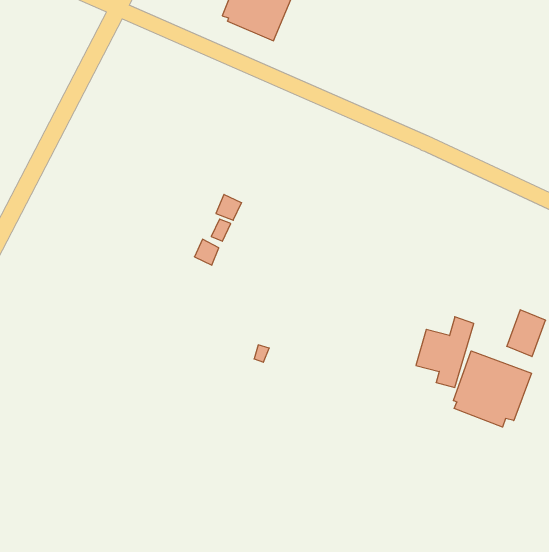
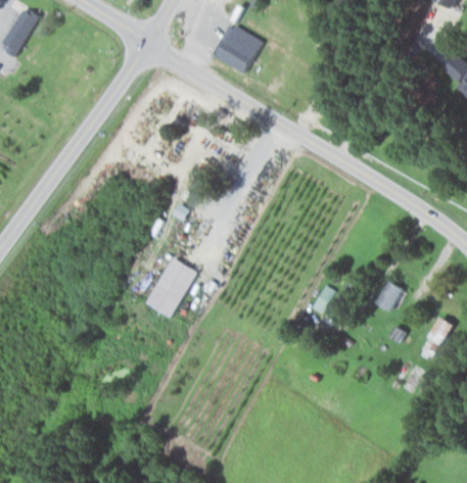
building: none -> [145,256,197,317]
building: [453,351,531,427] -> none

